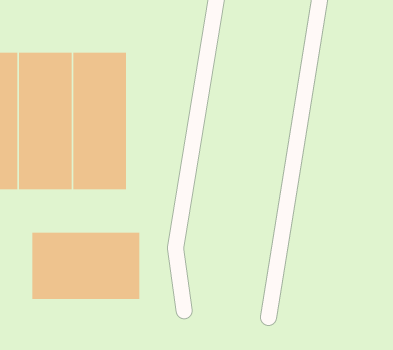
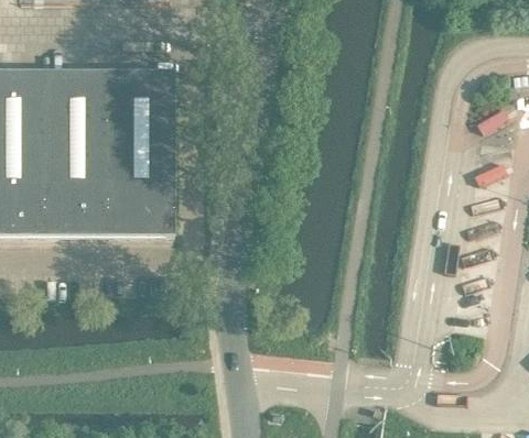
building: [32,232,140,300] -> none

